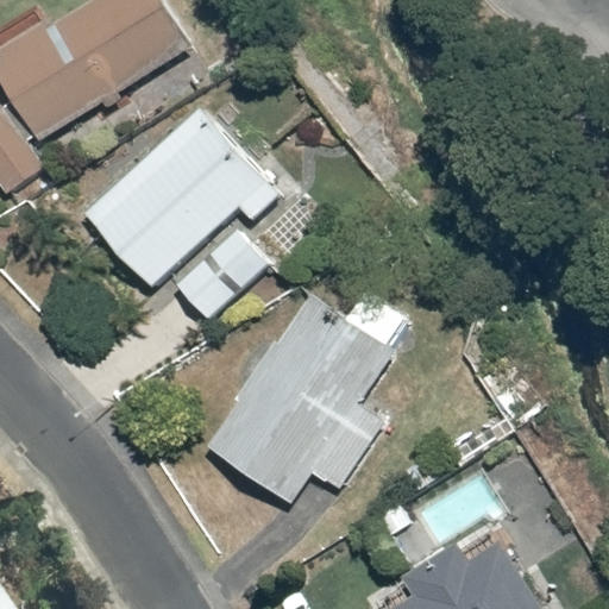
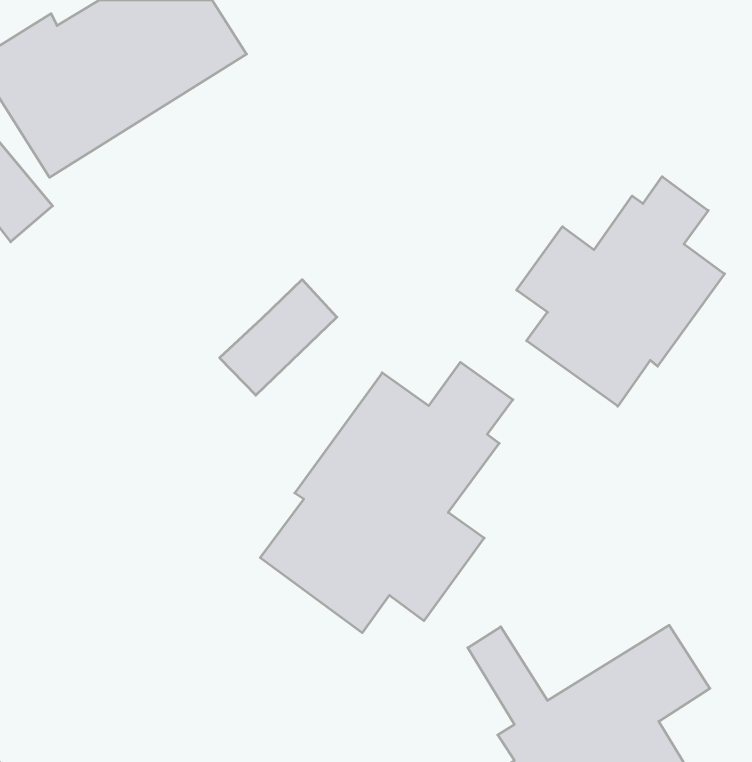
building: [82,105,280,288] -> none
building: none -> [517,177,725,406]

